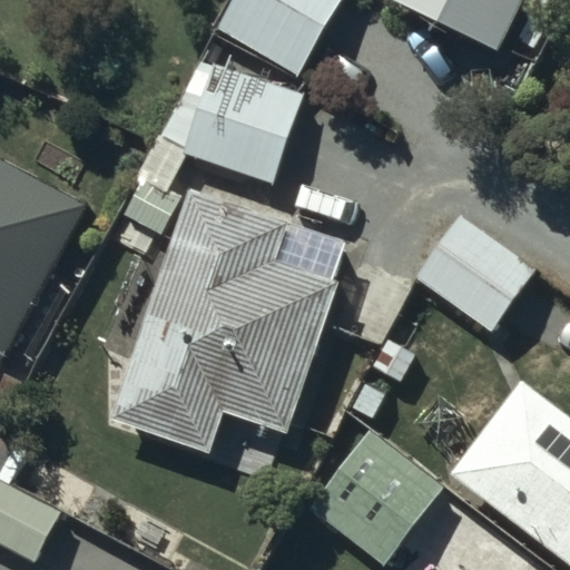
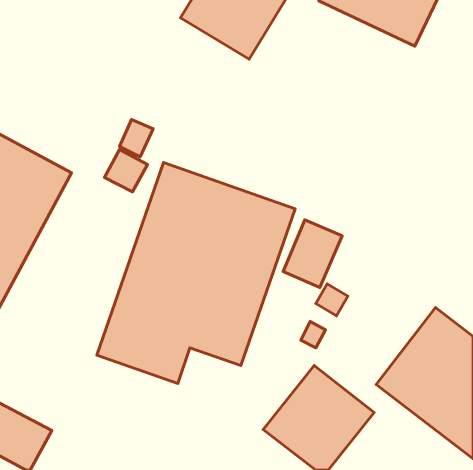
building: [184,65,302,181] -> none
building: [414,217,534,332] -> none

